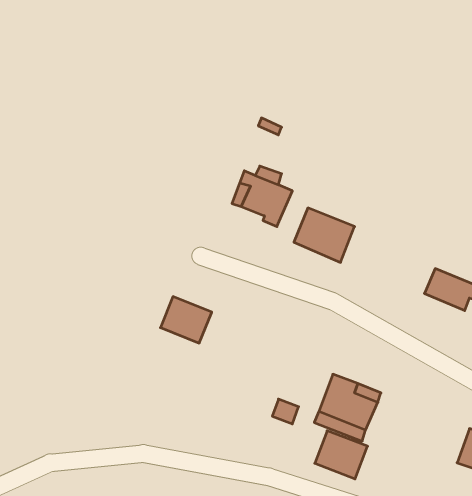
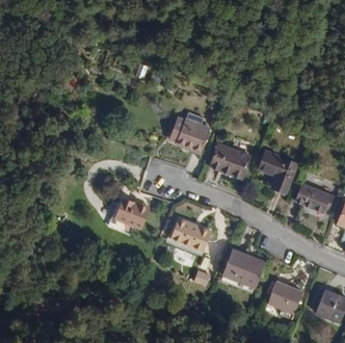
building: none -> [256,155,294,195]
building: none -> [176,221,216,255]
building: [315,431,368,479] -> [268,284,303,316]

